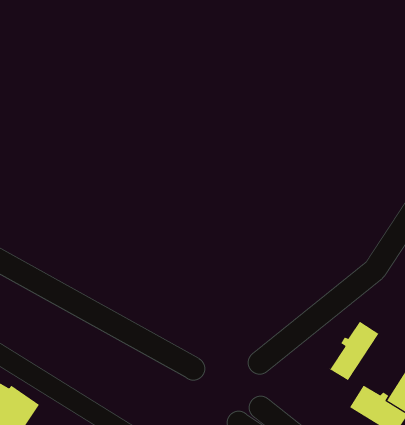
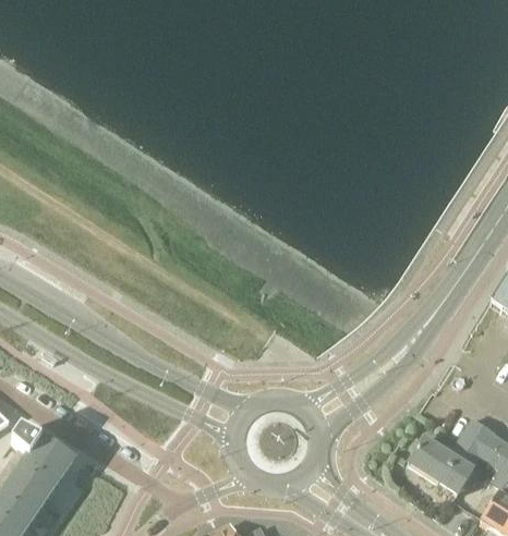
building: [329,321,381,382] -> none

